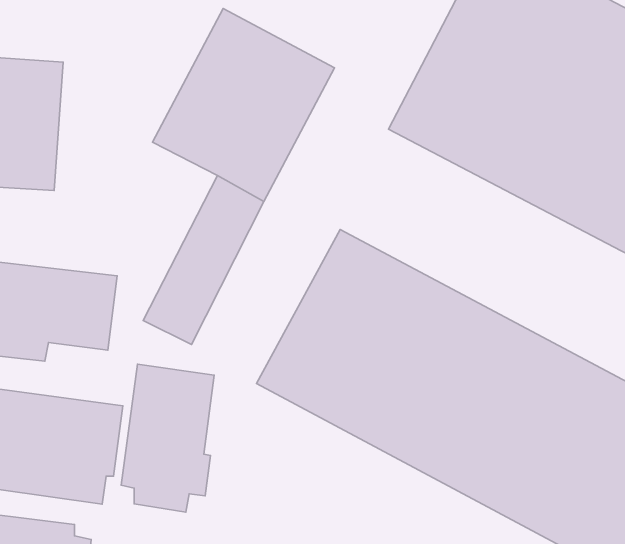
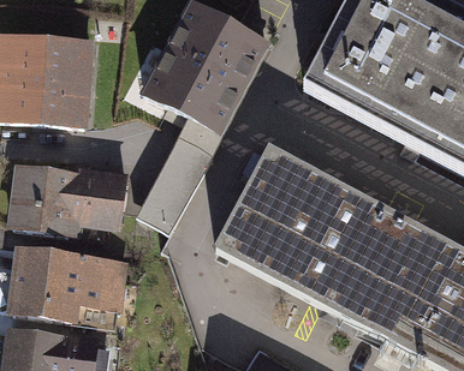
building: [121,364,214,512] -> none

